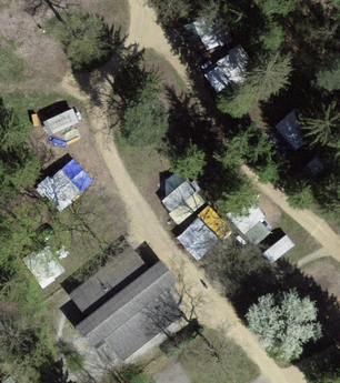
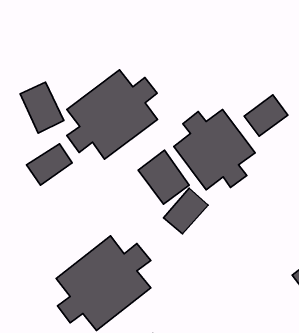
building: none -> [67,70,157,159]
building: none -> [174,110,255,190]

